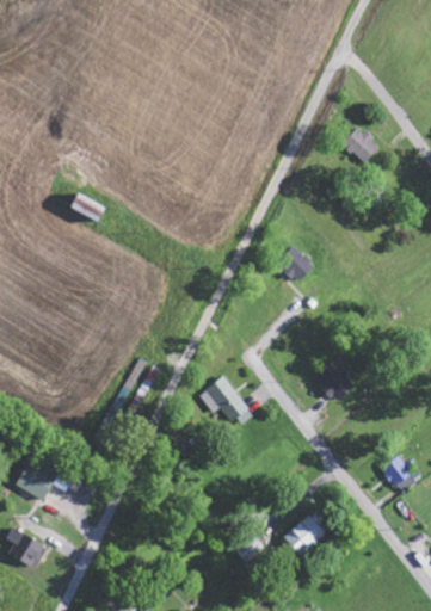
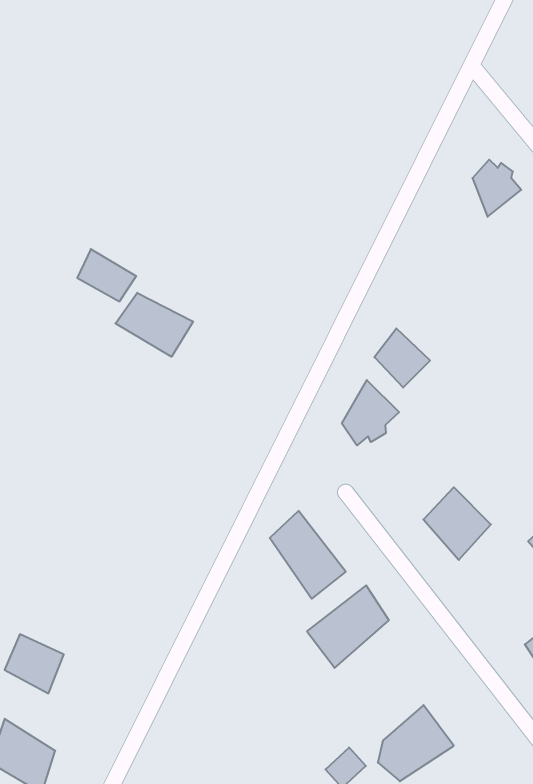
building: none -> [115,293,193,357]
building: none -> [342,380,399,445]
building: none -> [307,585,389,668]

